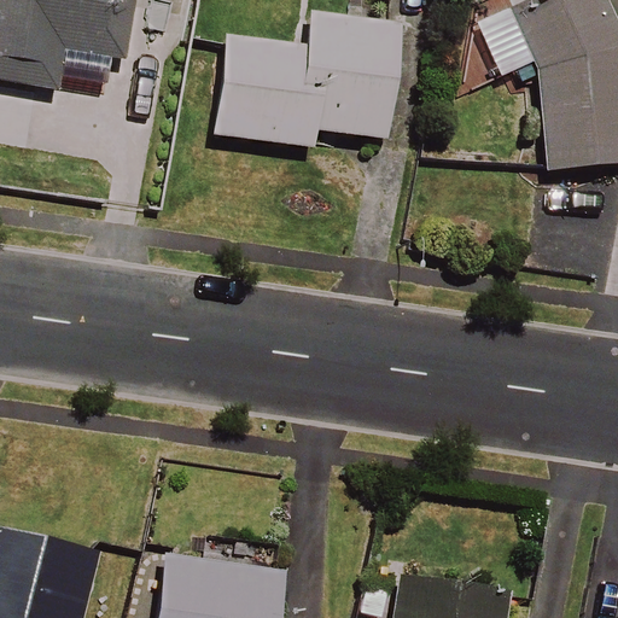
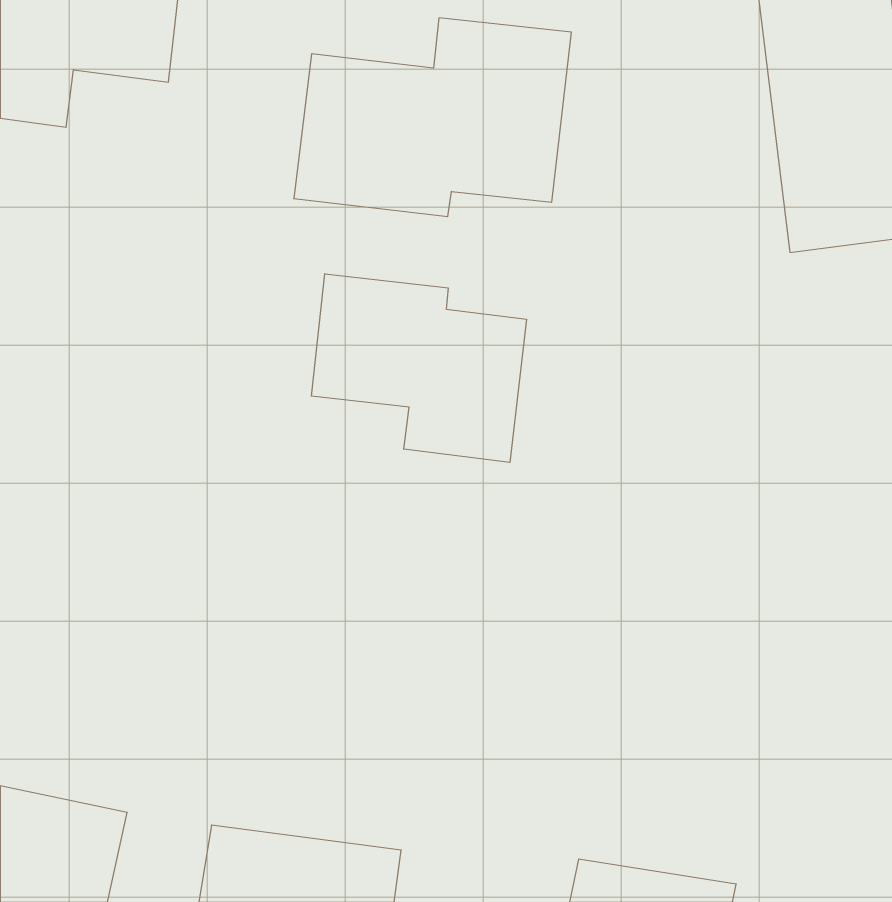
building: none -> [311,274,526,462]

